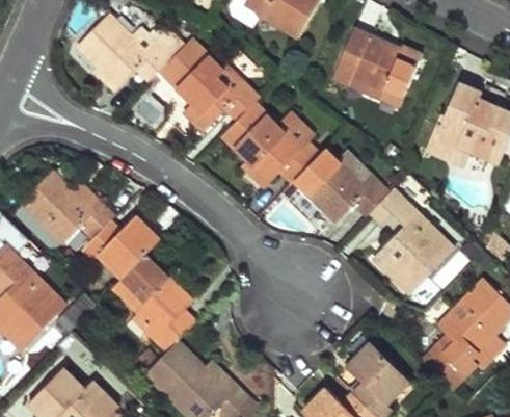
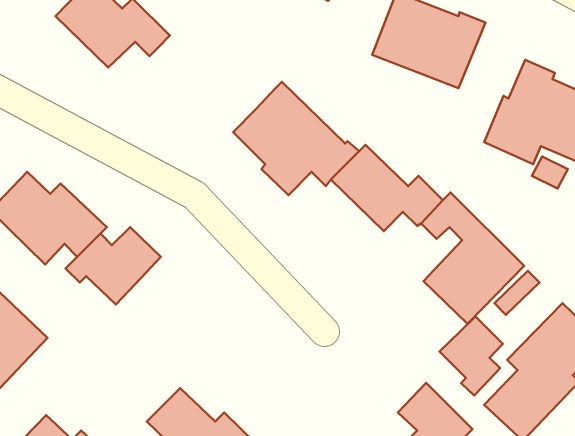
building: [156,45,251,132] -> none
building: [113,257,194,351] -> none
building: none -> [440,316,503,396]

